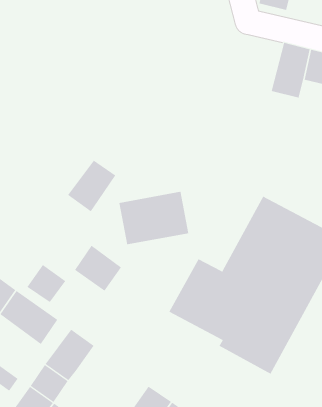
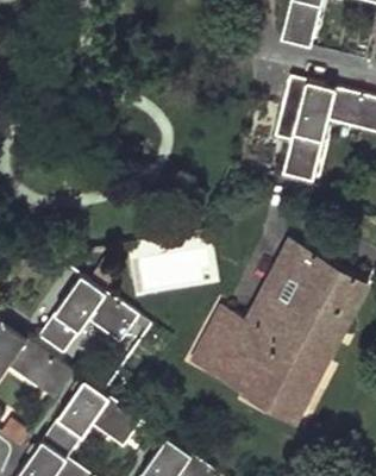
building: none -> [275,76,324,181]
building: [67,160,116,212] -> [55,276,106,331]
building: none -> [90,399,140,446]

